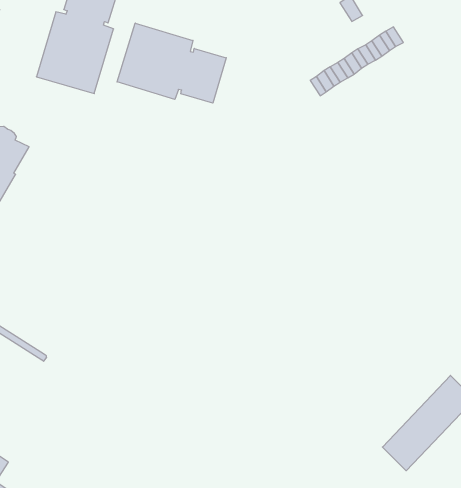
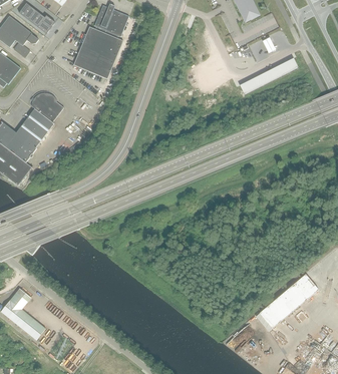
building: [117,23,226,103] -> none

